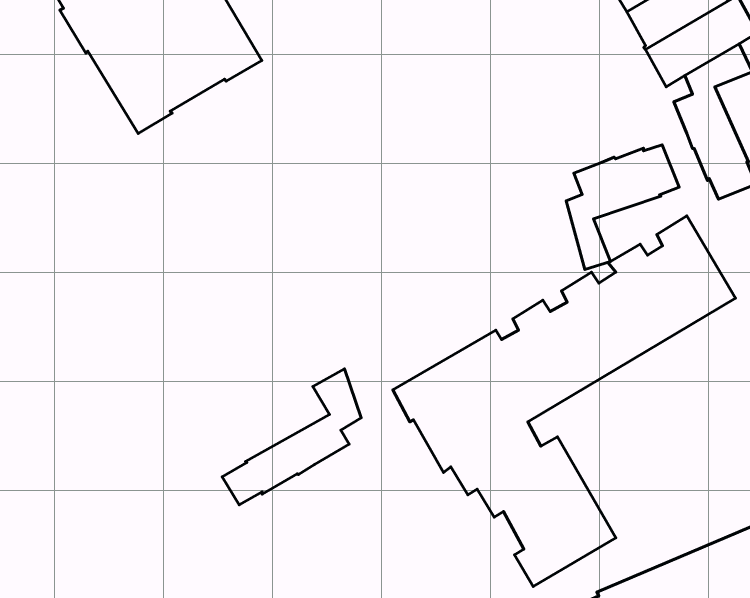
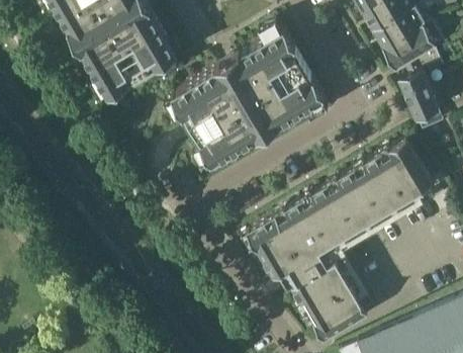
building: none -> [172,28,325,163]
building: [566,145,679,270] -> none
building: [222,369,361,505] -> none

